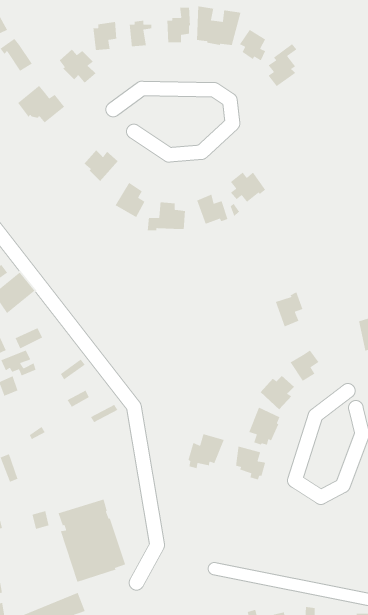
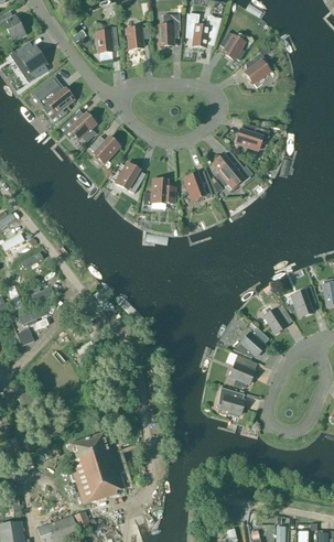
building: [59,49,96,84] -> [65,112,97,142]
building: none -> [236,124,269,150]
building: [275,291,303,328] -> [291,286,315,317]
building: [188,433,225,469] -> none

